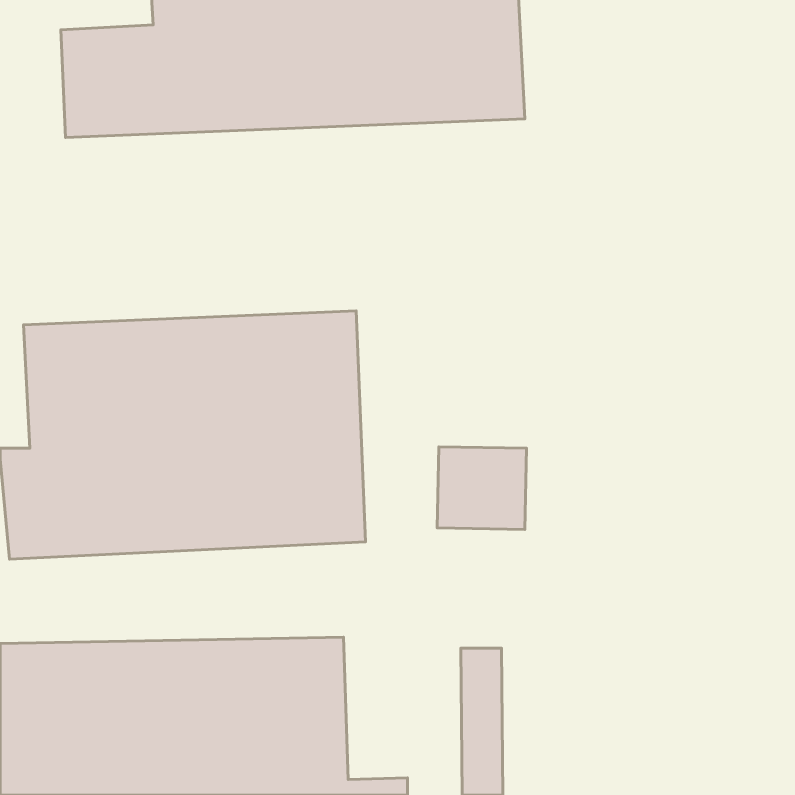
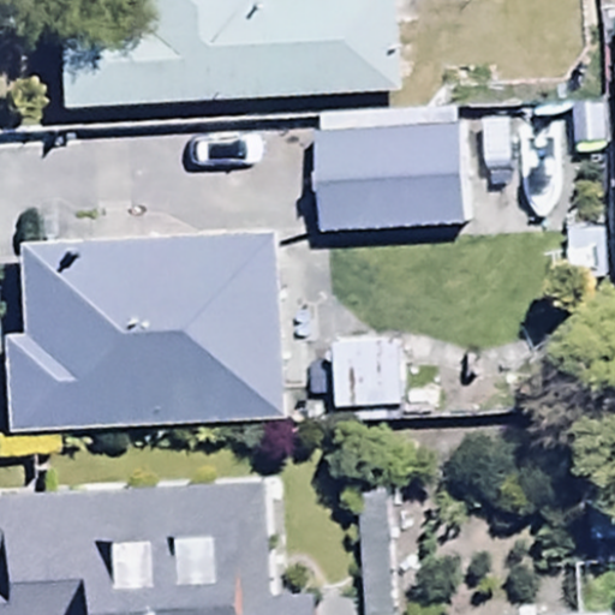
building: none -> [317,111,465,237]

